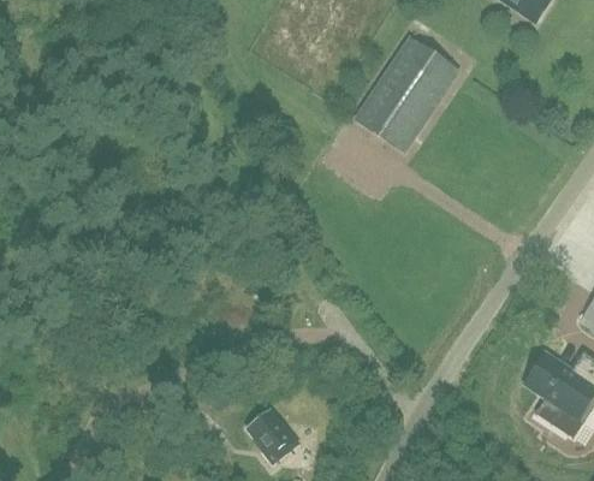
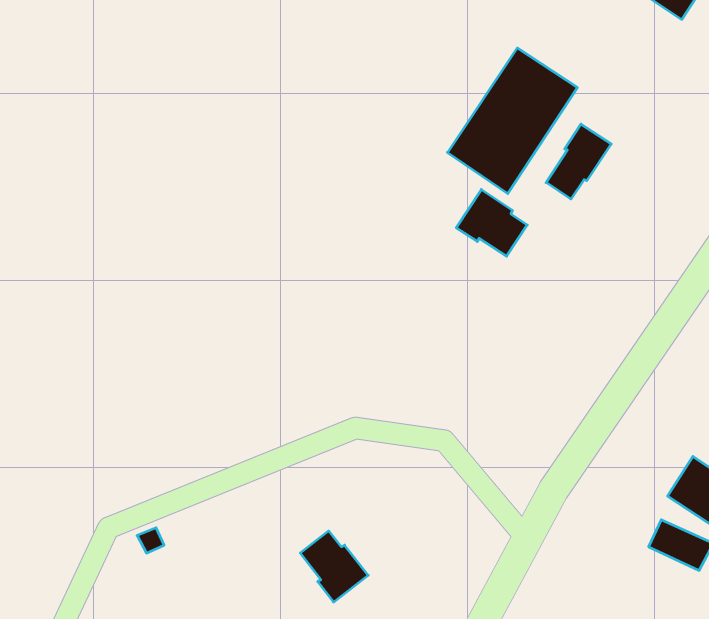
building: none -> [546,124,611,199]
building: none -> [456,189,527,256]

